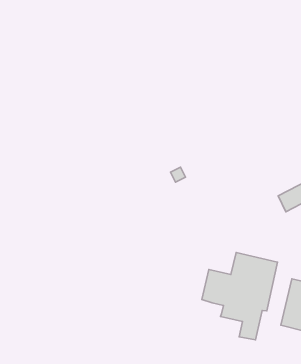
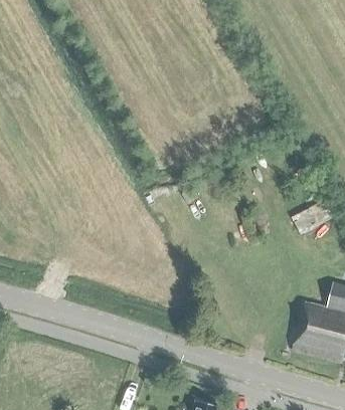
building: [202,252,277,340] -> none

